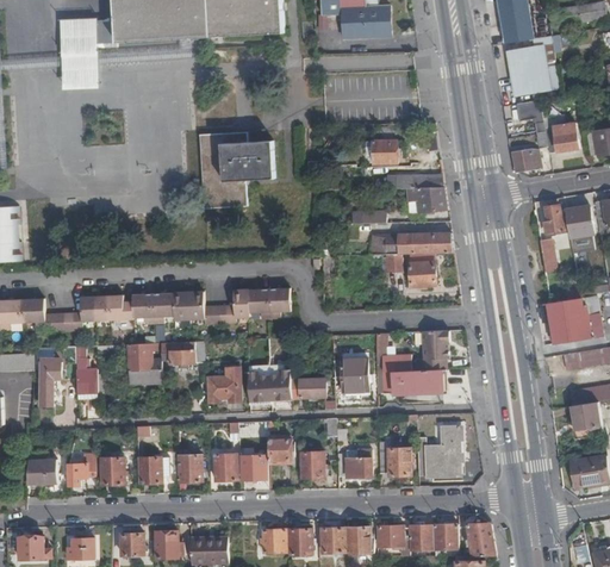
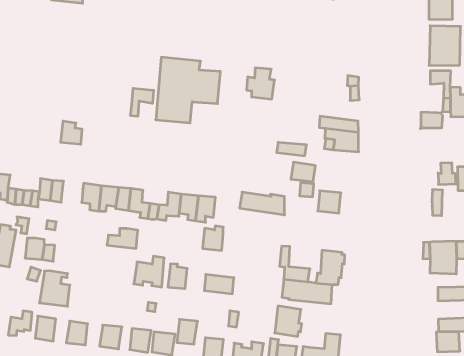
building: [363,127,396,163] -> [247,68,275,99]
building: none -> [131,88,154,116]
building: [398,231,452,253] -> [240,192,285,215]
building: [107,297,132,322] -> [61,121,82,144]
building: [127,343,161,382] -> [39,271,70,306]
building: [338,360,369,392] -> [275,306,302,336]
building: [267,372,291,400] -> [203,226,223,250]

